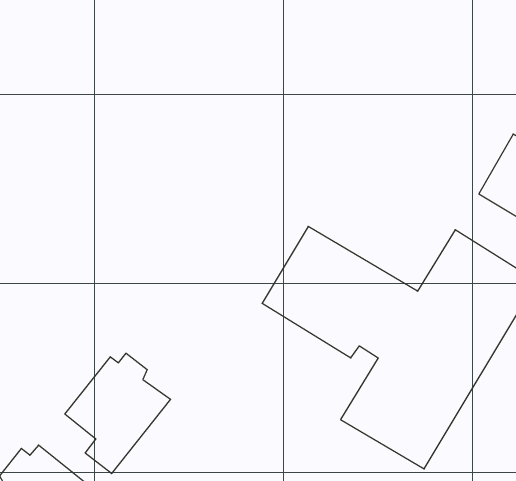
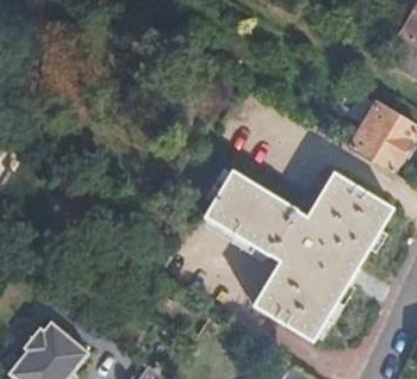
building: [65,353,171,474] -> none

